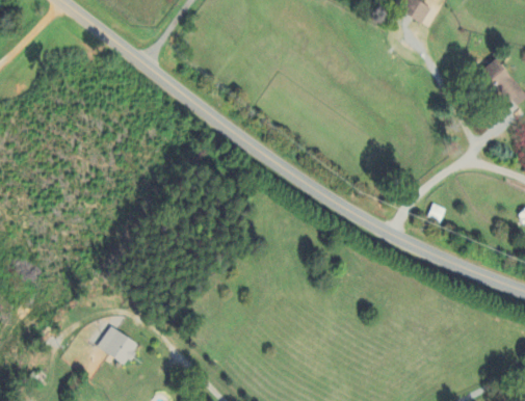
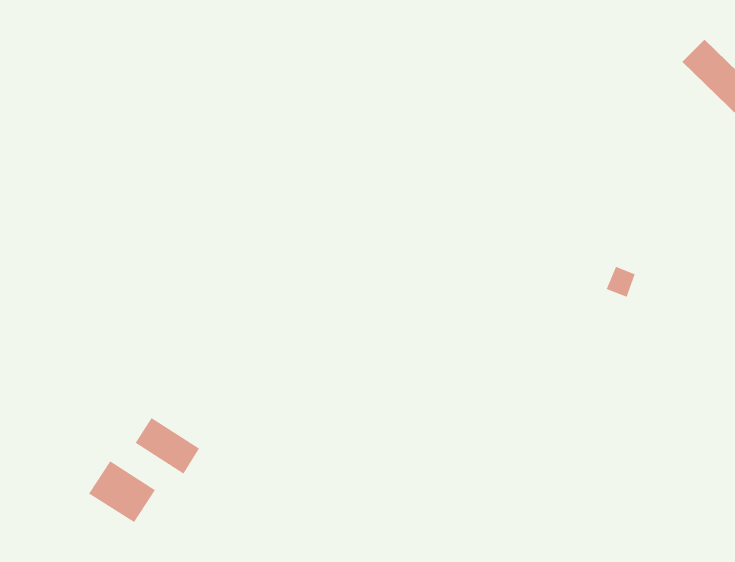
building: none -> [135,417,200,474]

